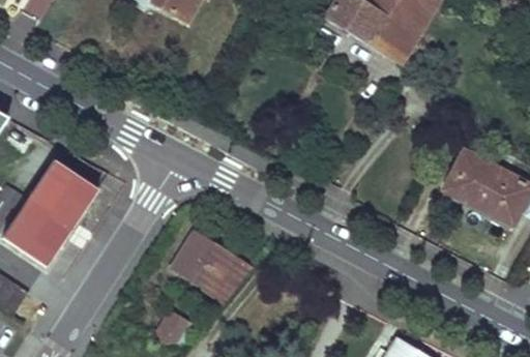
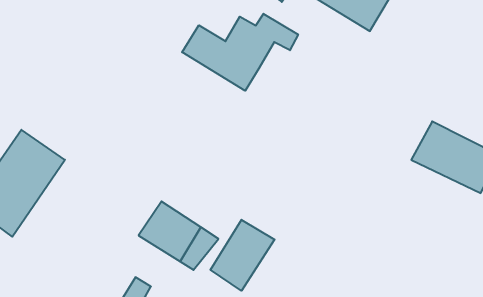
building: none -> [182,14,298,91]
building: none -> [210,220,275,291]

